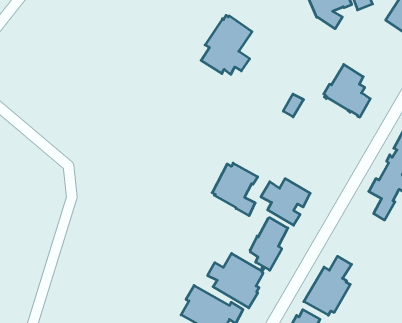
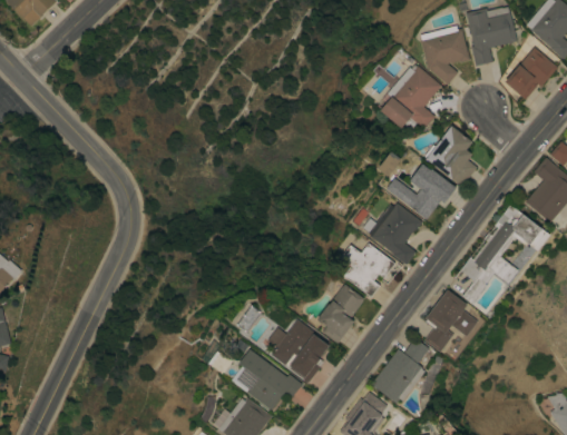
building: [201,15,252,74] -> [380,63,441,130]
building: none -> [387,164,456,219]
building: [212,163,258,216] -> [369,204,422,265]
building: none -> [424,289,478,353]

